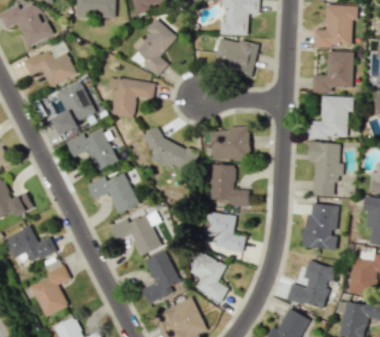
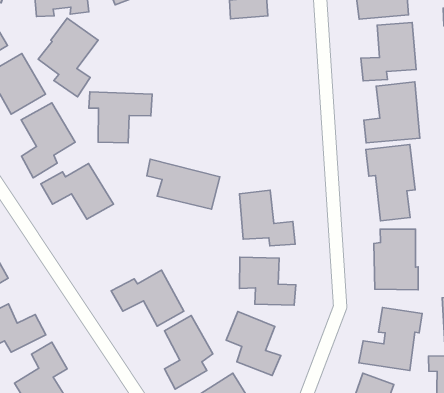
building: [131,18,177,77] -> [38,18,98,97]
building: [213,37,259,75] -> none
building: [210,128,251,161] -> none
building: [87,170,138,214] -> none

